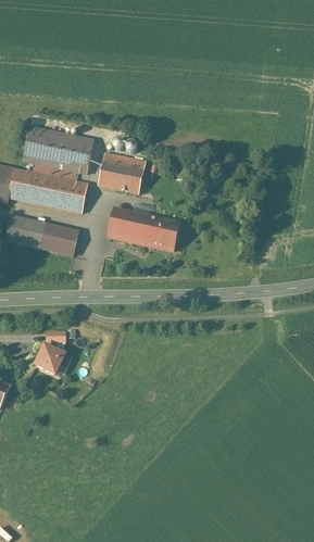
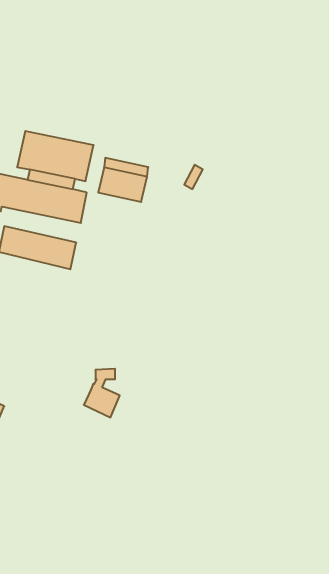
building: [108,207,178,250] -> none
building: [36,331,70,377] -> [84,369,120,418]

